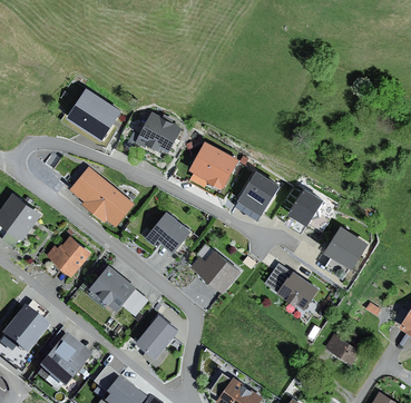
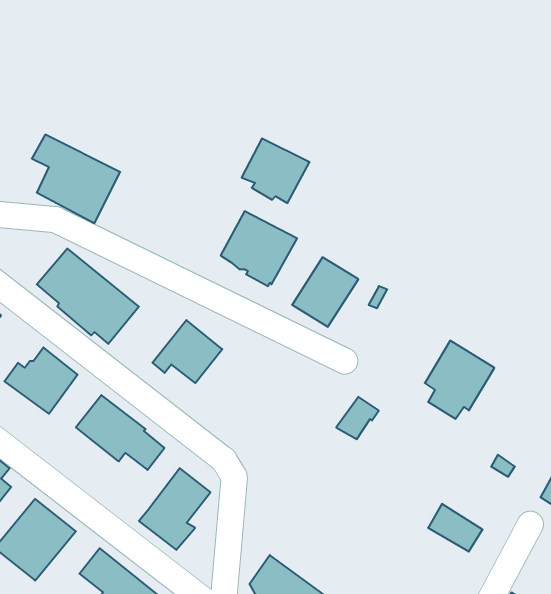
building: [137,112,182,155] -> [242,138,310,203]
building: [286,189,323,229] -> none
building: [190,250,239,293] -> none
building: [275,273,319,312] -> none

